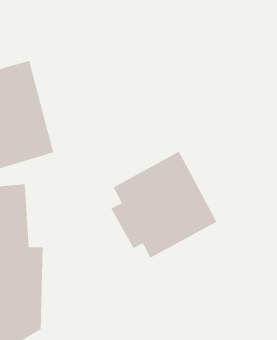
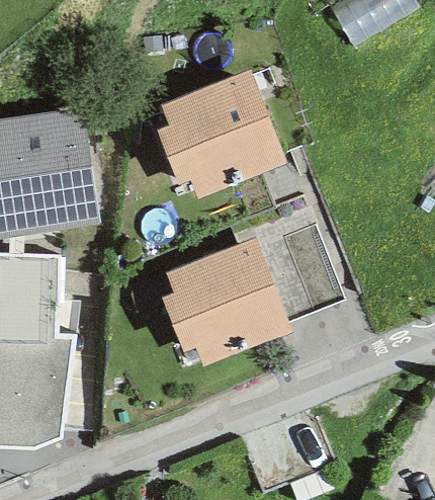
building: none -> [155,69,285,198]

